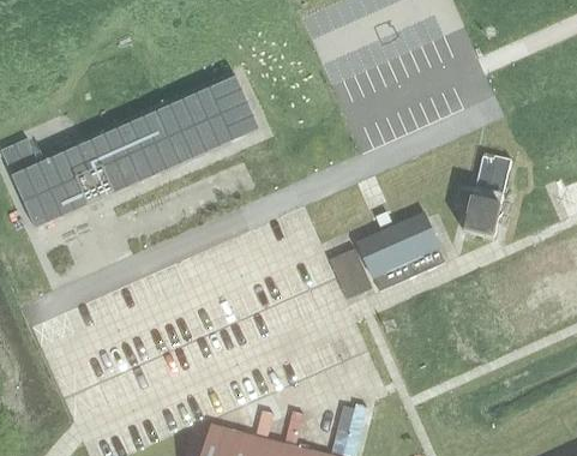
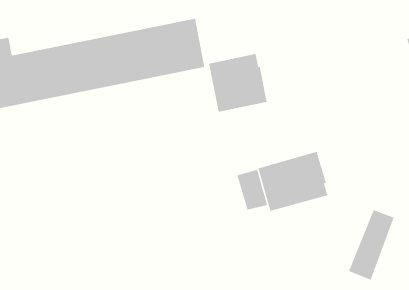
building: none -> [209,53,267,112]
building: [461,154,506,238] -> [348,210,394,280]

